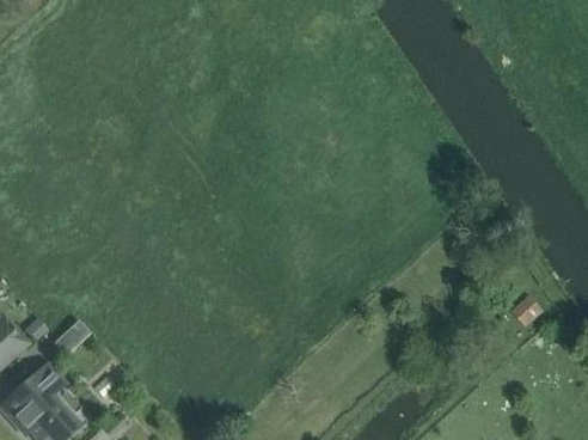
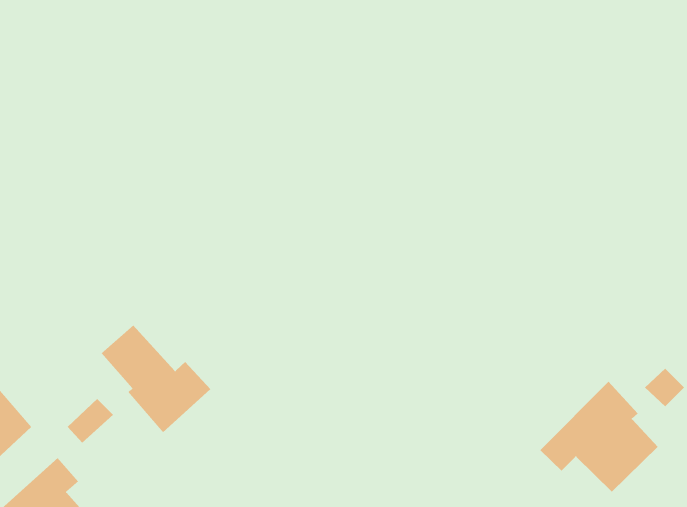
building: none -> [101,325,211,433]
building: none -> [539,381,658,492]

